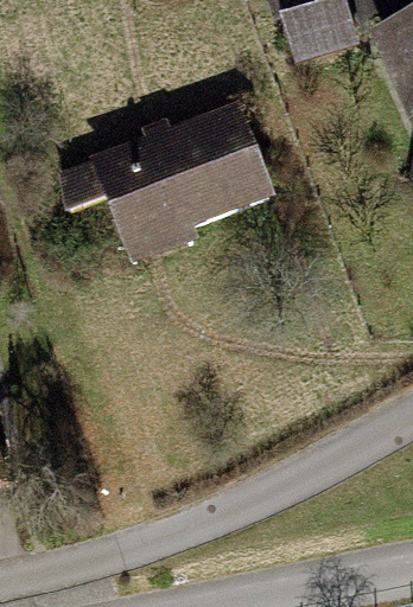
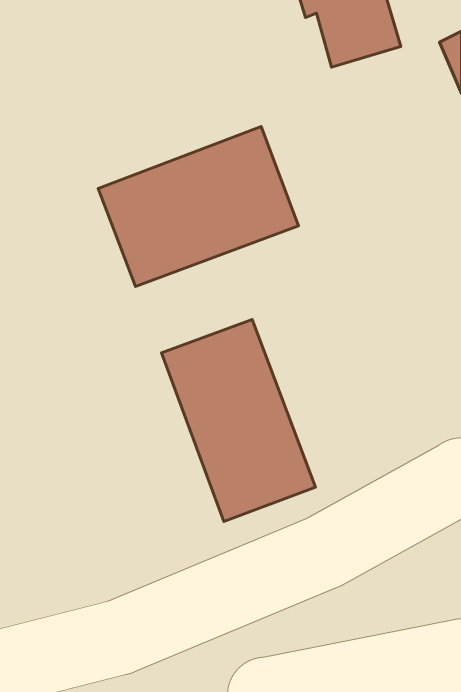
building: none -> [162,319,316,522]

